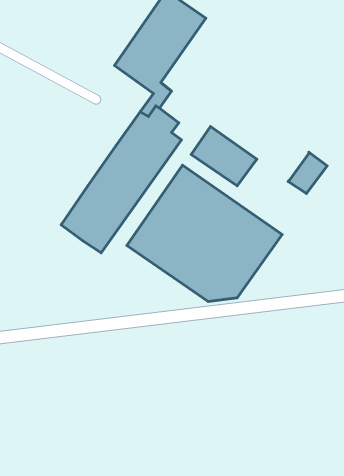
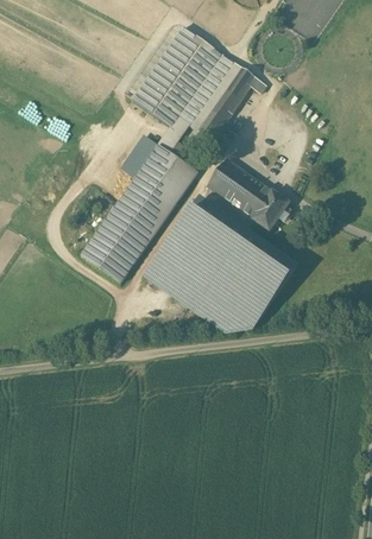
building: none -> [177,53,265,141]
building: none -> [119,134,157,178]
building: [288,152,327,194] -> [251,190,289,230]

